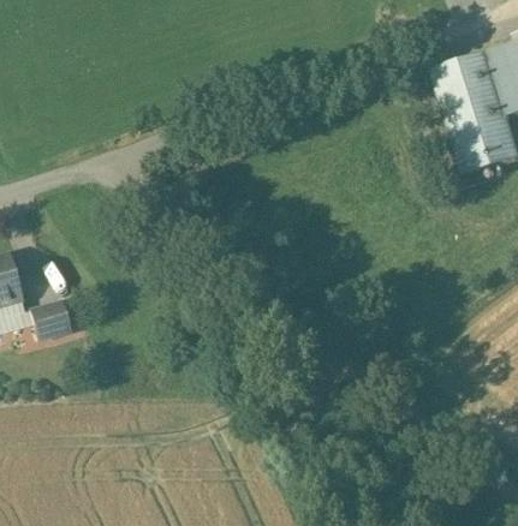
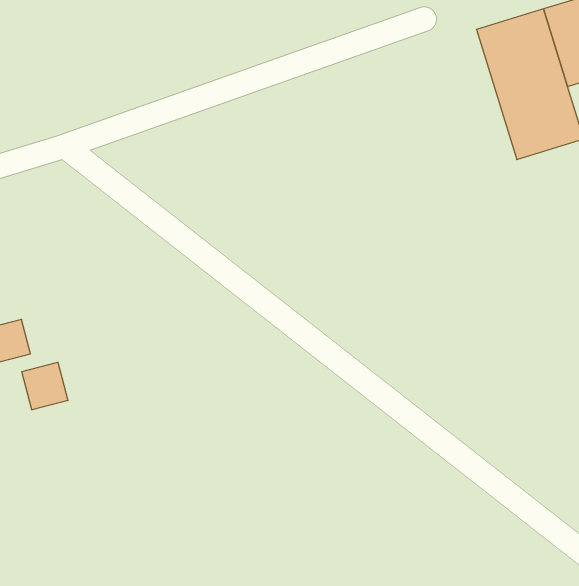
building: none -> [22,362,68,410]

